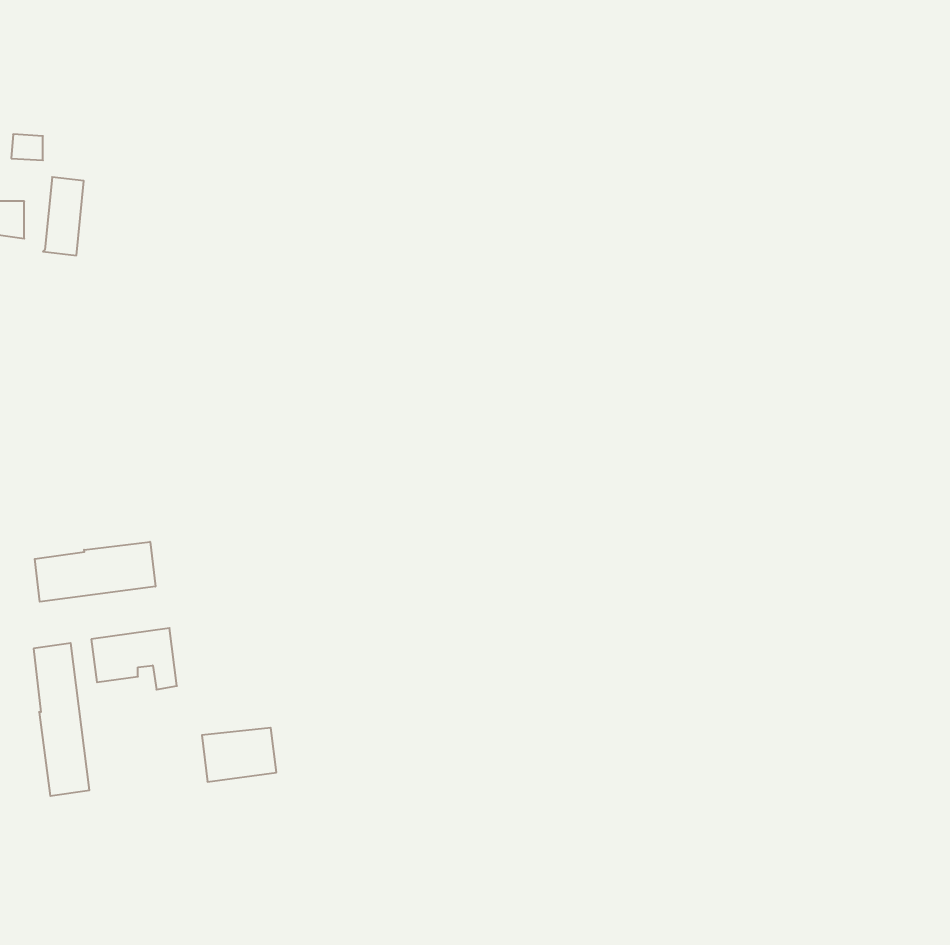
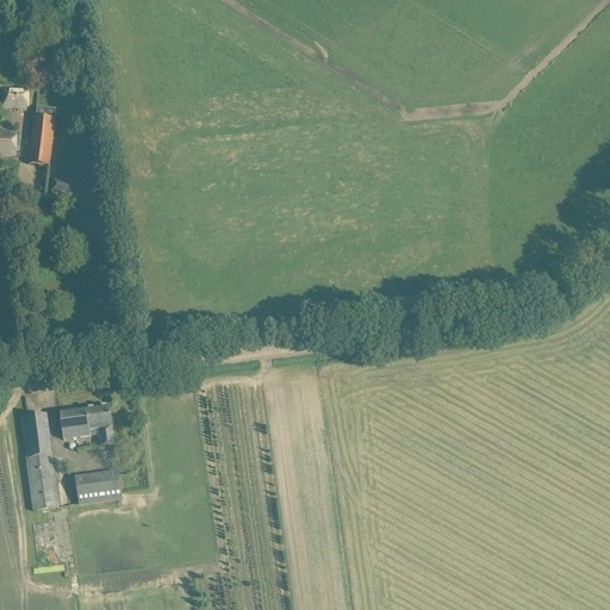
building: [35,542,155,602] -> none
building: [202,728,276,782] -> [74,467,122,502]

